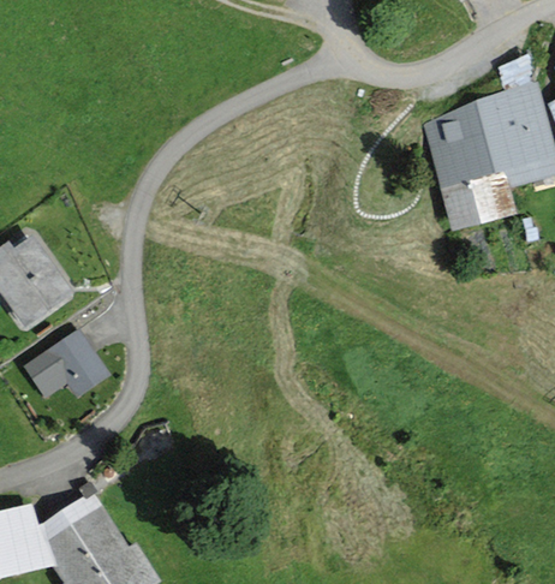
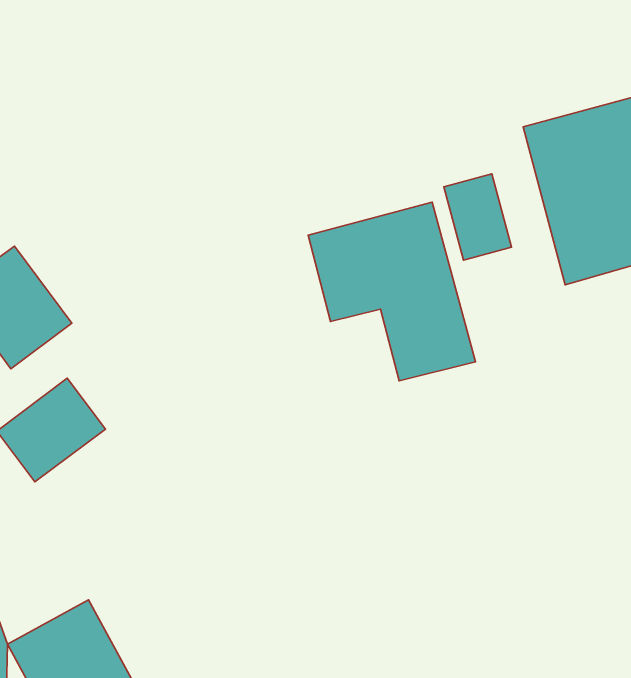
building: none -> [444,174,512,260]
building: none -> [308,202,476,381]

